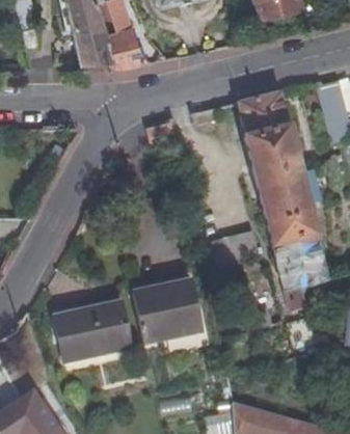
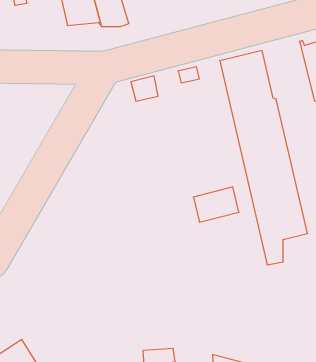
building: [133,281,201,344] -> none
building: [53,304,130,362] -> none

